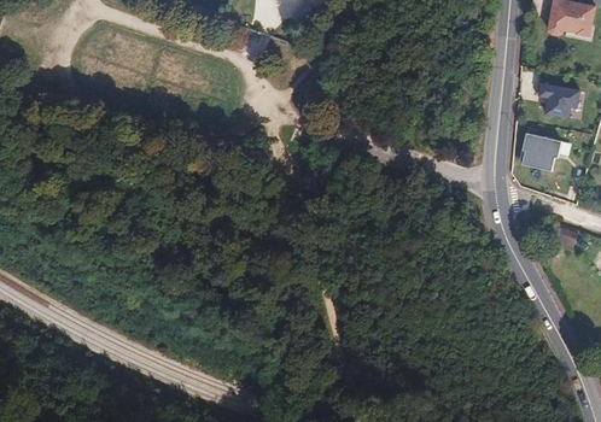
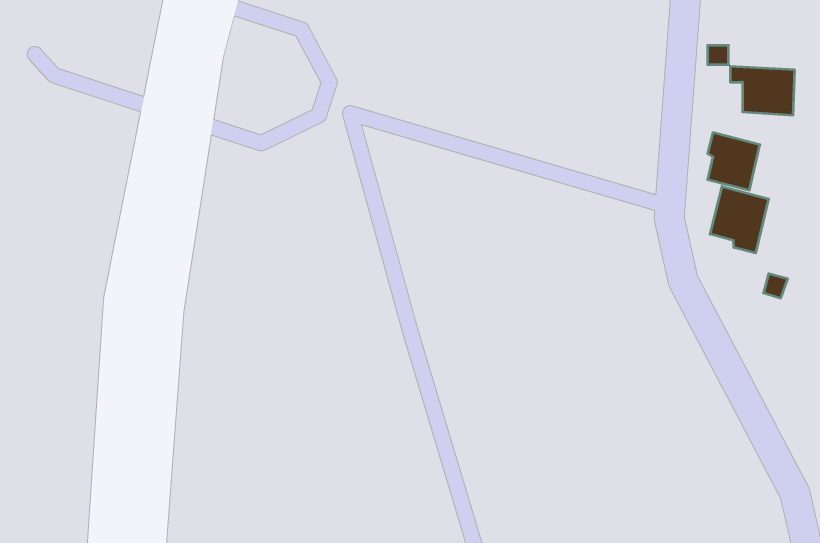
building: none -> [710,186,769,253]

